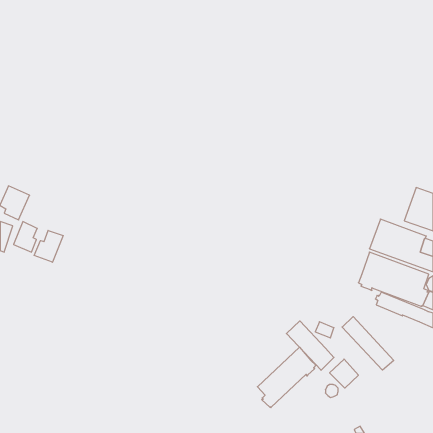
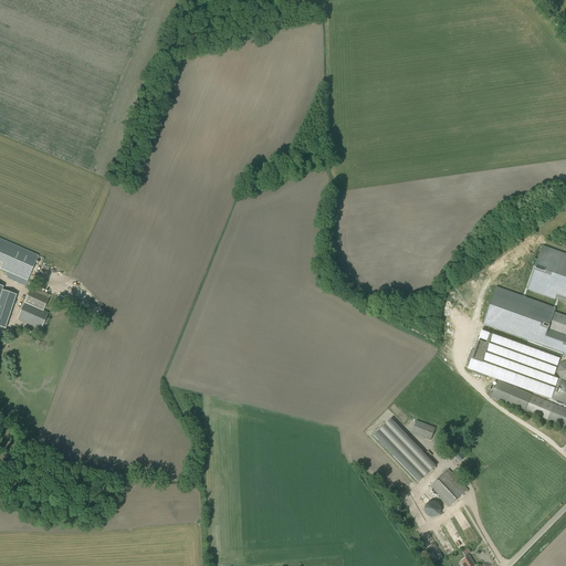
building: [34,230,63,262] -> none
building: [342,317,394,370] -> none
building: [257,347,316,408] -> none

